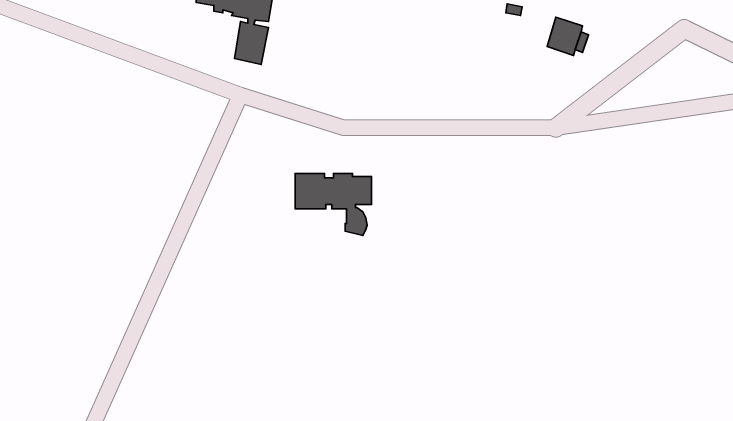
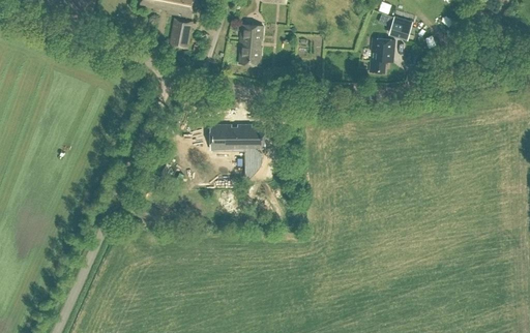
building: none -> [239,23,264,65]
building: none -> [370,37,395,72]

